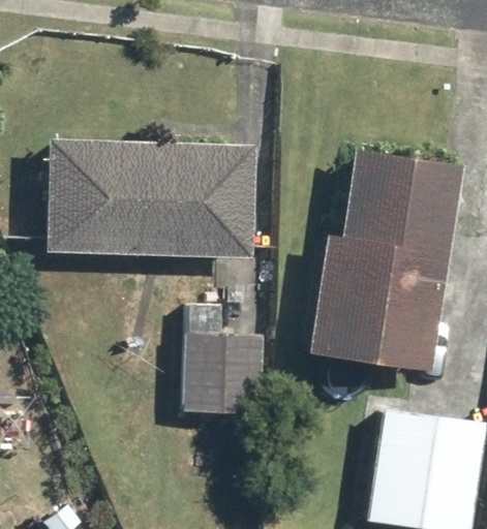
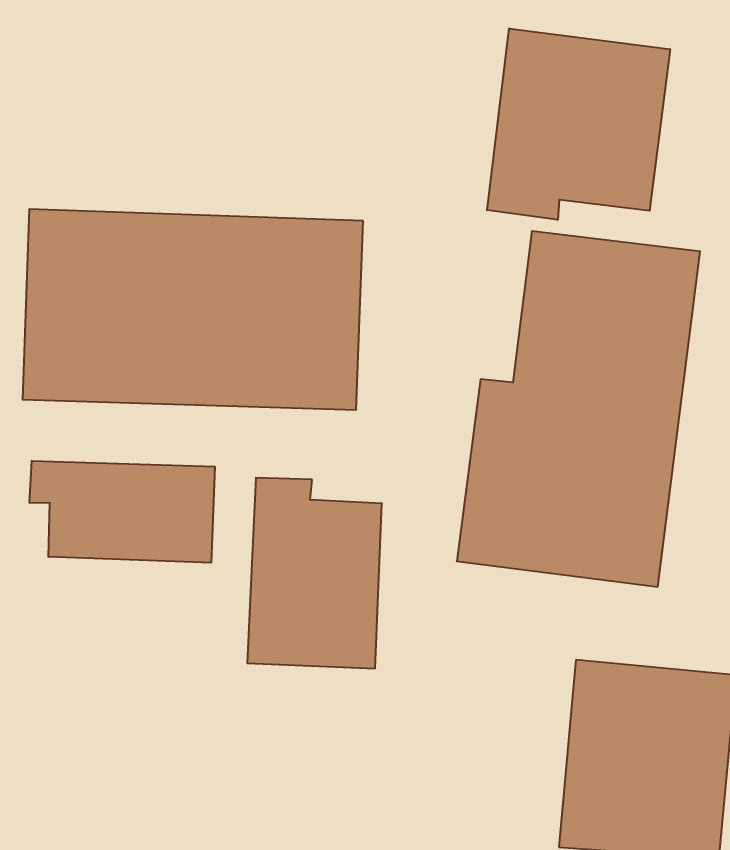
building: none -> [487,28,670,220]
building: none -> [30,461,215,563]

